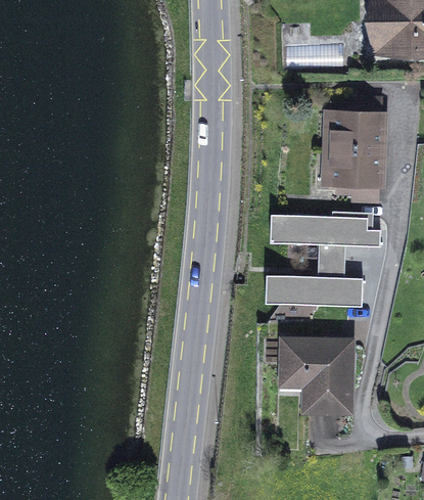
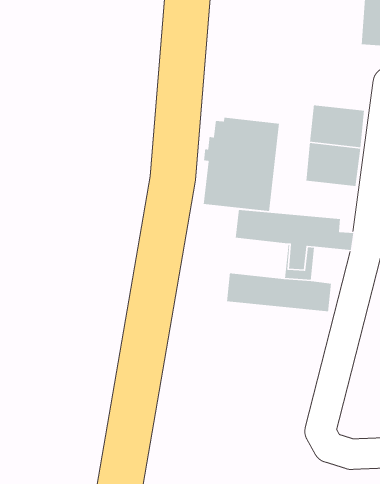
building: none -> [203,117,280,212]
building: [283,340,350,411] -> none

